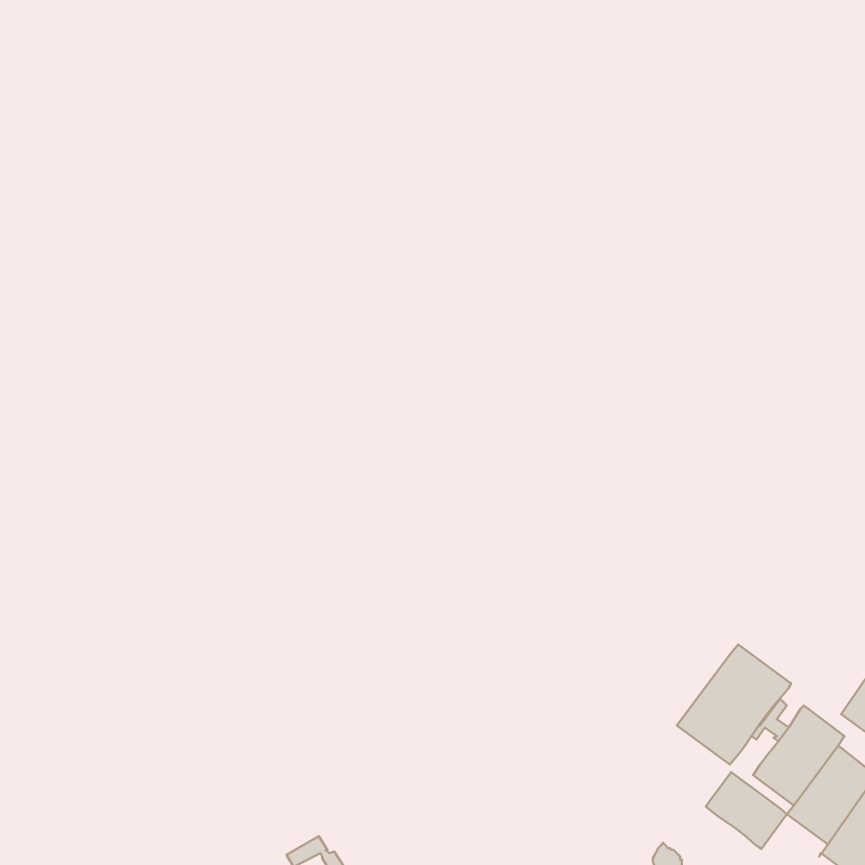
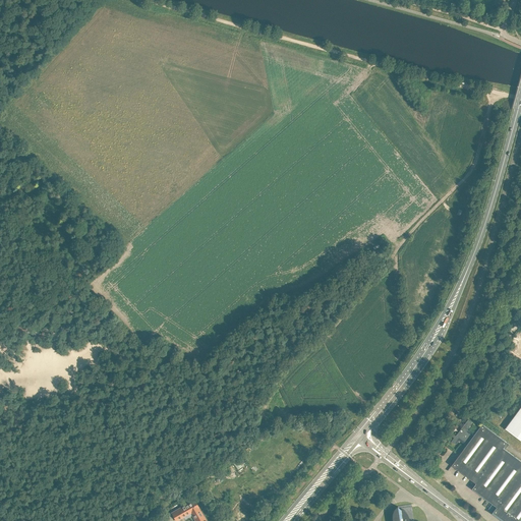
building: [677,644,791,764] -> none
building: [706,772,787,849] -> none

